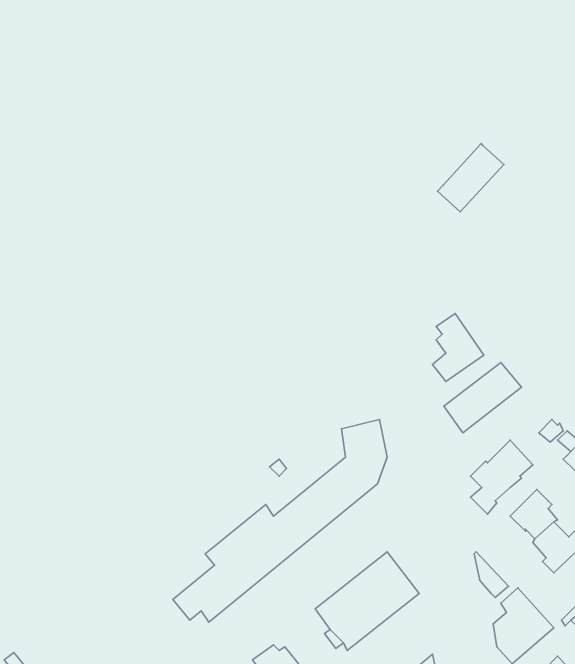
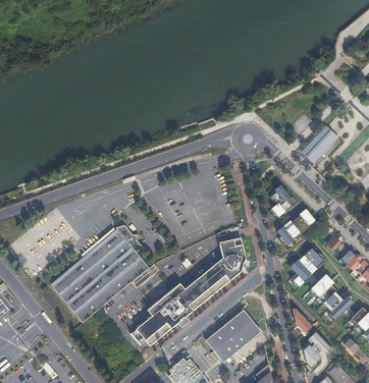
building: [437,144,504,212] -> [302,125,337,162]
building: none -> [52,227,149,322]

